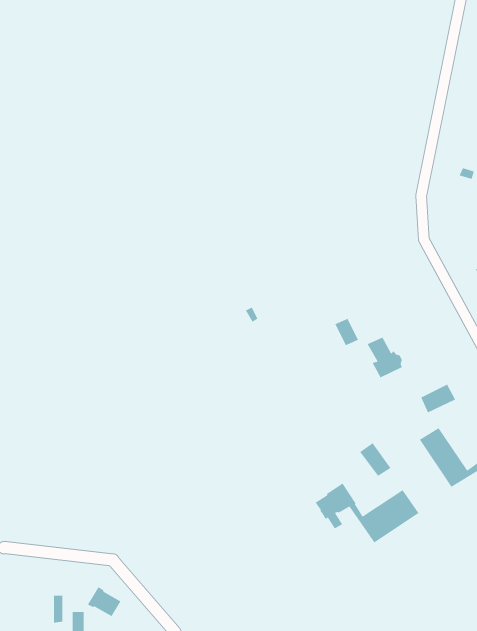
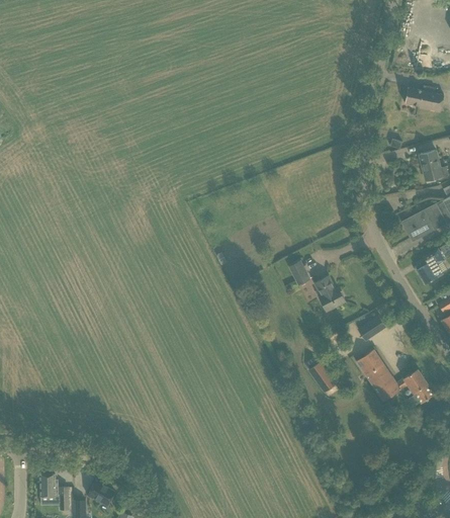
building: [314,483,420,543] -> none
building: none -> [39,471,58,497]

